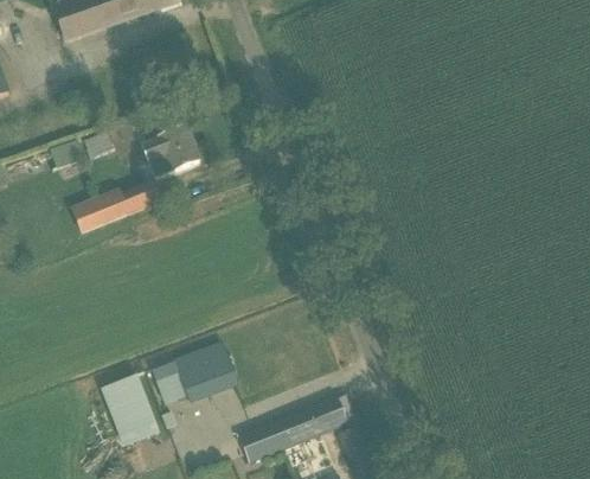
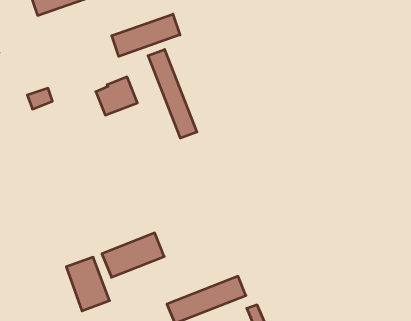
building: none -> [112,14,180,56]
building: none -> [148,49,197,138]
building: [70,181,159,232] -> none

